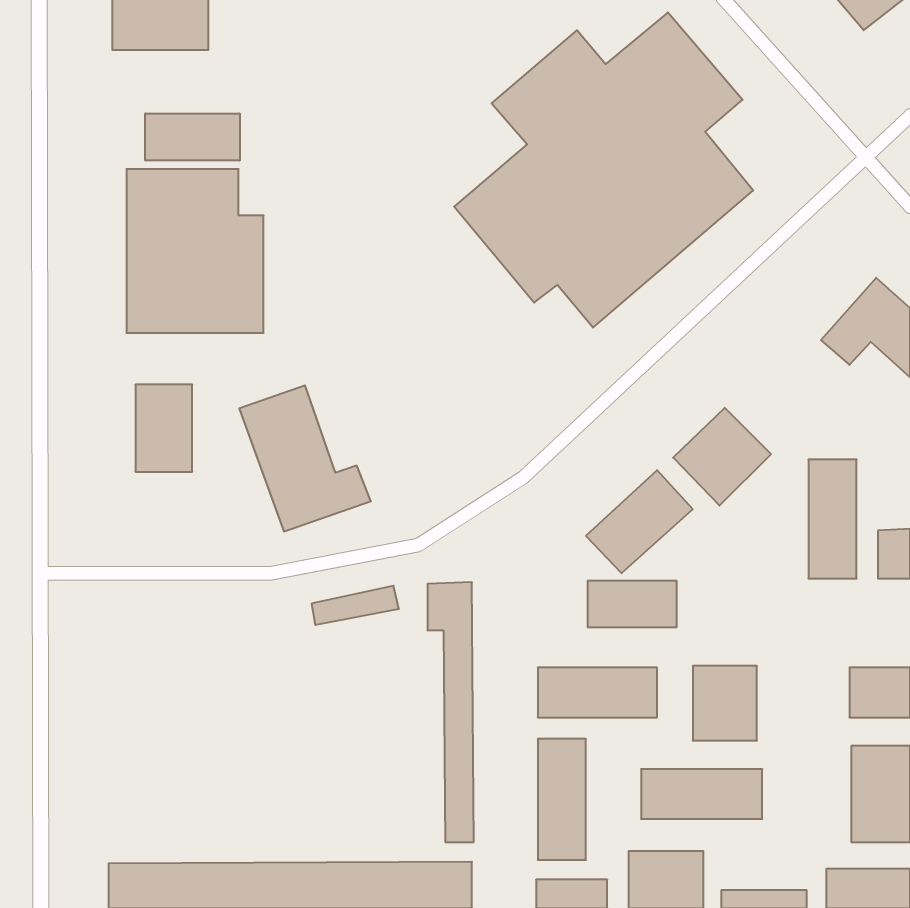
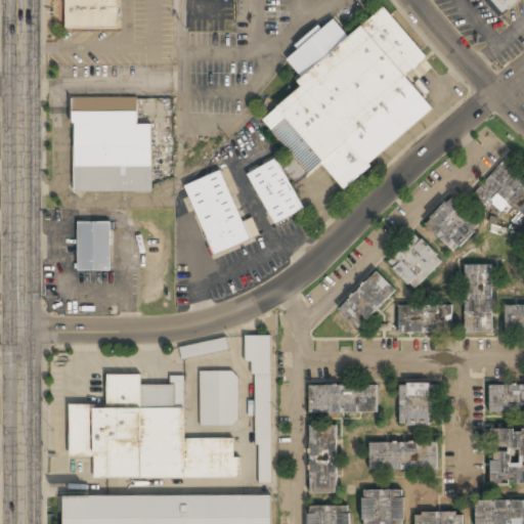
building: [145,113,240,161] -> none
building: none -> [248,158,303,225]
building: none -> [424,196,480,253]
building: [239,385,371,531] -> [185,171,261,255]
building: [588,581,677,627] -> [398,306,449,333]
building: none -> [200,370,237,427]
building: none -> [70,375,239,478]

